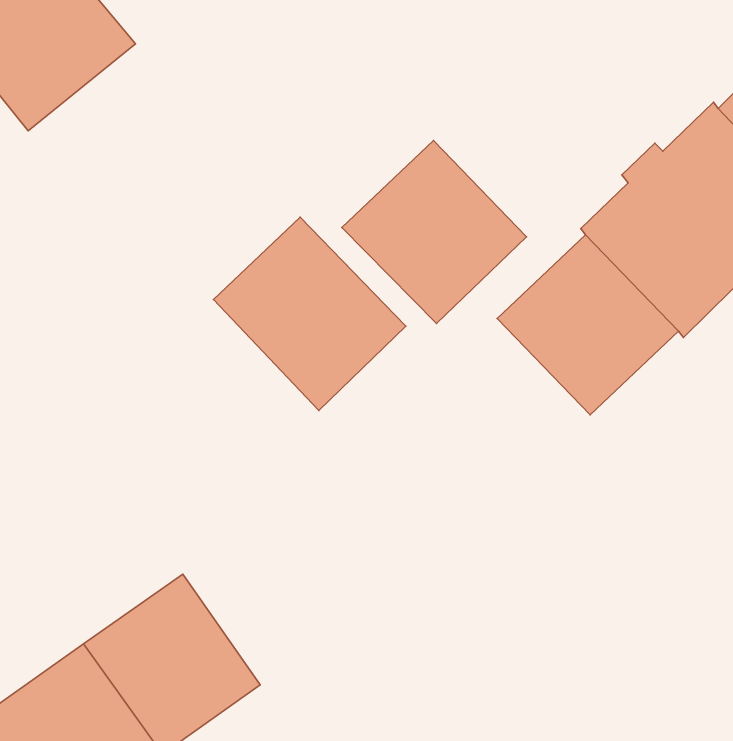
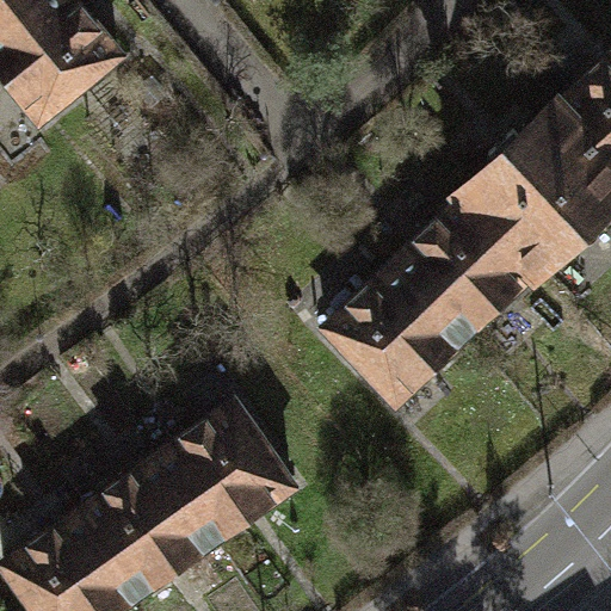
building: [342,141,527,324] -> [326,265,465,403]
building: [213,217,406,411] -> none
building: none -> [158,403,295,542]

